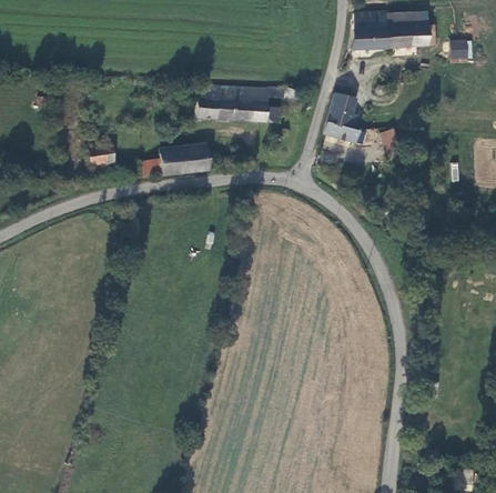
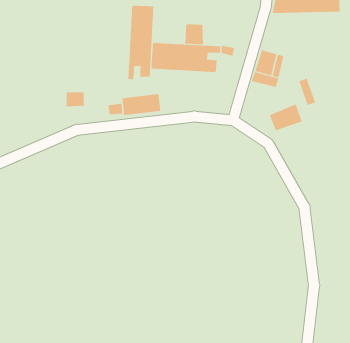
building: none -> [128,5,154,80]
building: none -> [185,24,203,45]
building: none -> [269,104,302,131]

